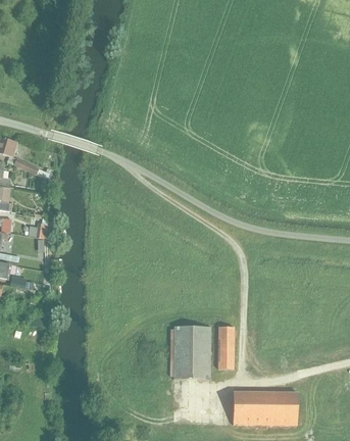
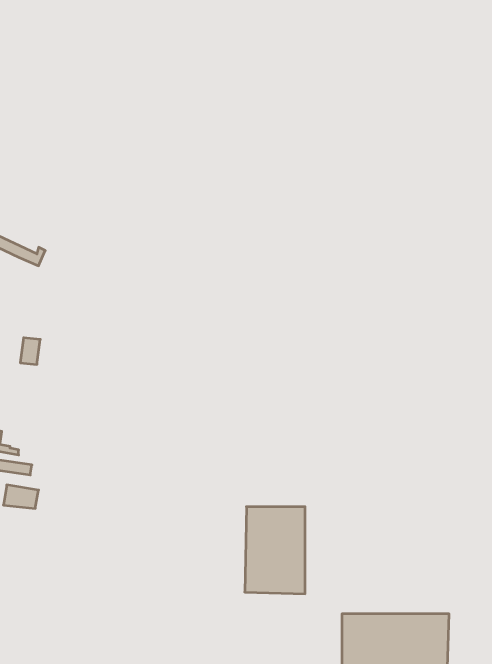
building: [217,327,233,370] -> none

